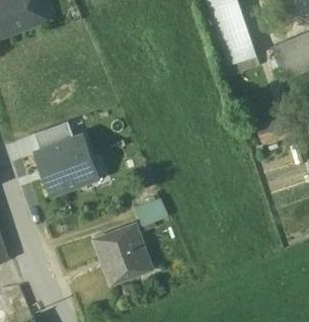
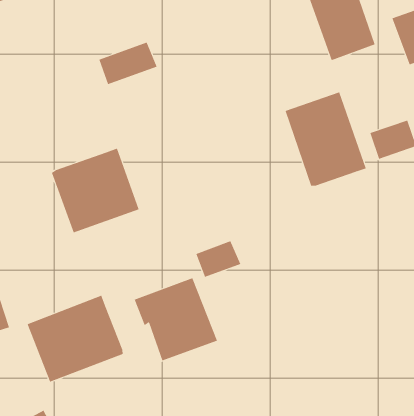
building: none -> [285,92,366,187]
building: [33,122,74,151] -> [99,42,158,85]
building: none -> [27,295,123,383]

